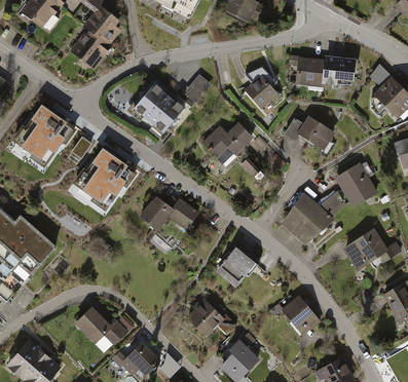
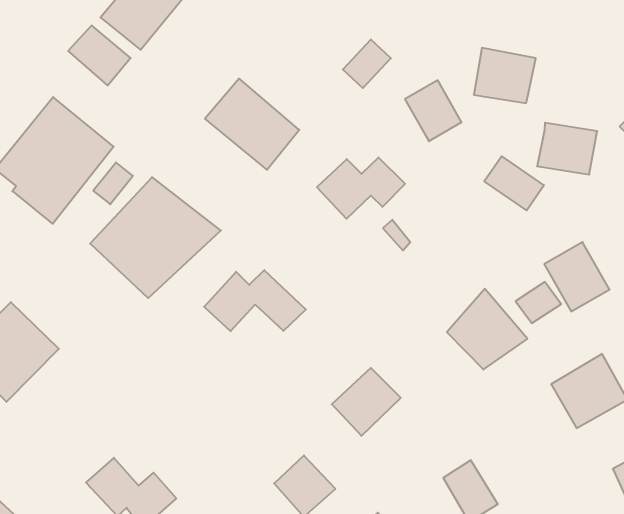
building: [322,54,356,83] -> [537,123,597,175]
building: none -> [68,25,131,85]
building: [183,72,211,101] -> [343,39,391,88]

